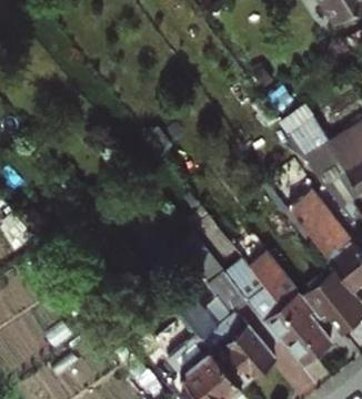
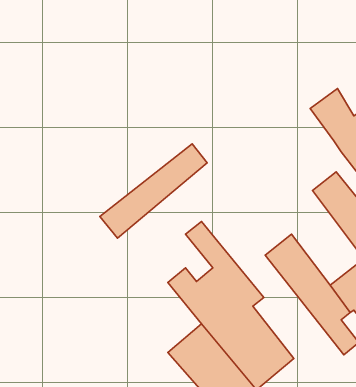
building: none -> [100,144,207,238]
building: [207,237,319,365] -> none

